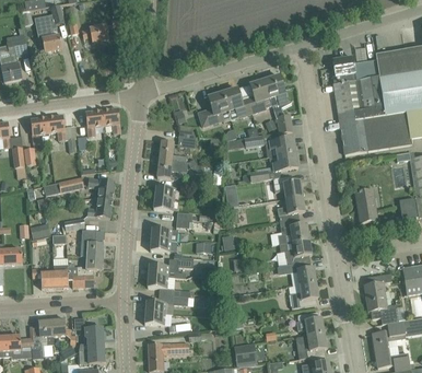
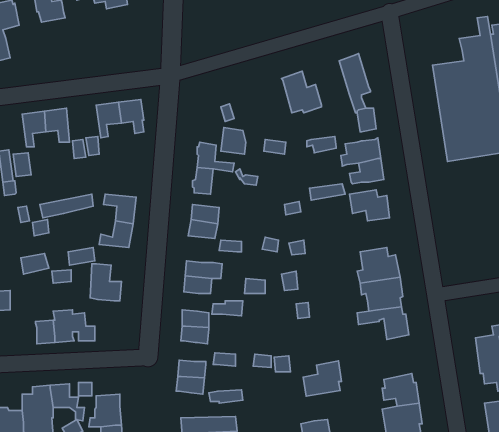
building: [332,57,356,83] -> none
building: [247,80,272,114] -> none
building: [204,93,230,125] -> none
building: [355,189,377,222] -> none
building: [278,196,305,221] -> none
building: [77,256,103,287] -> none
building: [290,282,318,308] -> [303,361,342,396]

